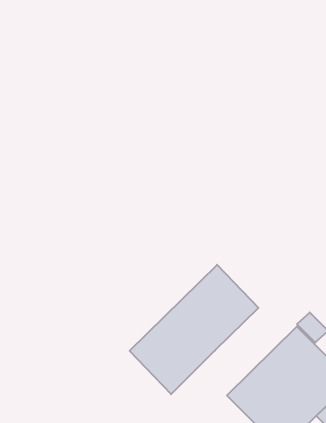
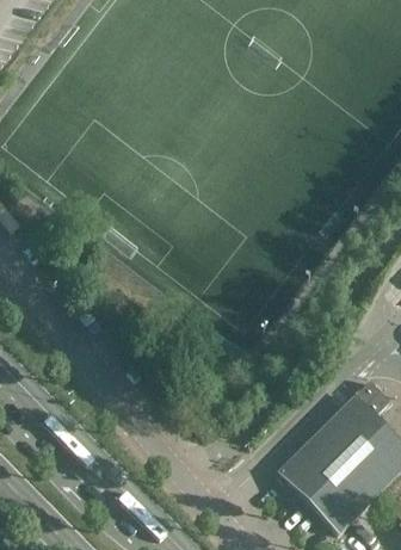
building: [130,265,258,394] -> none

